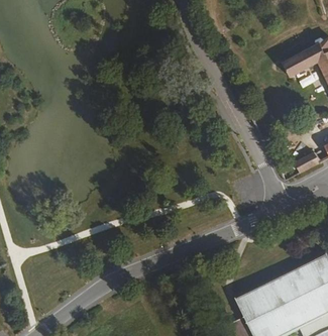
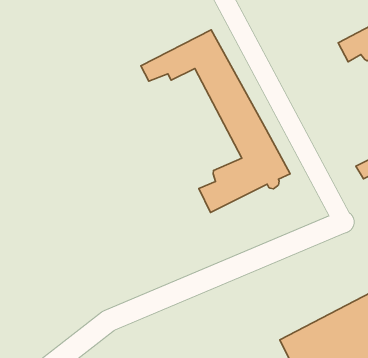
building: none -> [141,30,290,212]

